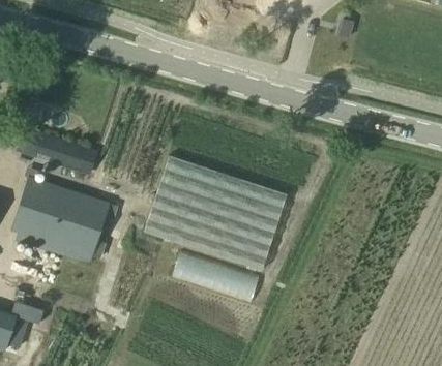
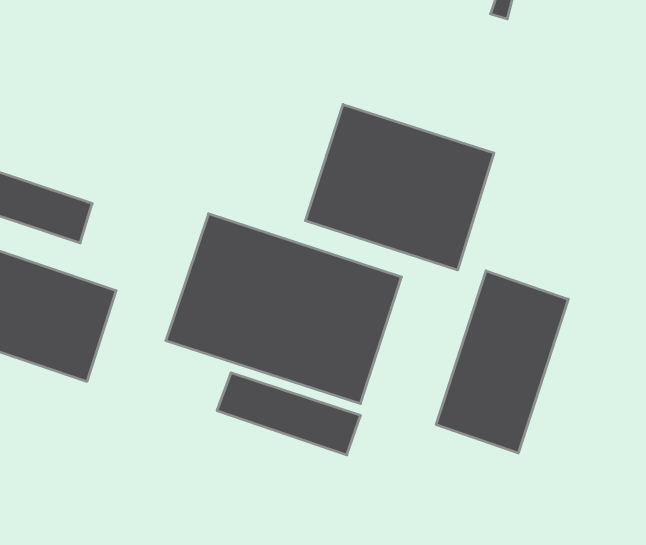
building: none -> [305,104,494,270]
building: none -> [436,271,568,453]

